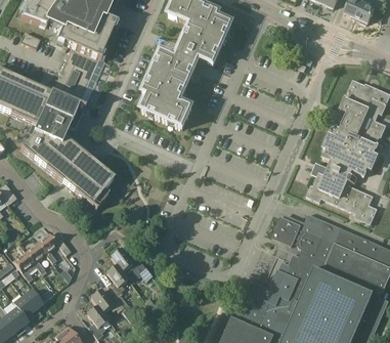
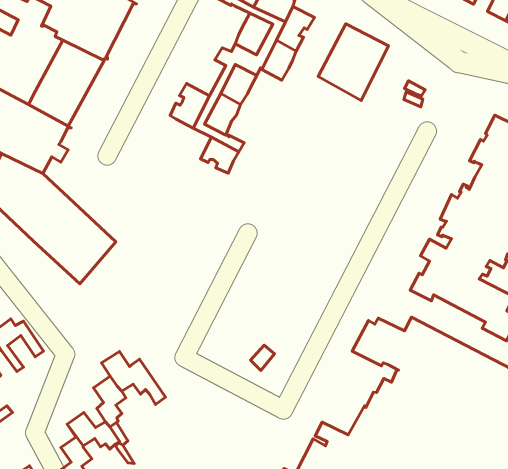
building: none -> [318,24,389,100]
building: [151,51,176,79] -> none
building: [140,95,170,120] -> none

